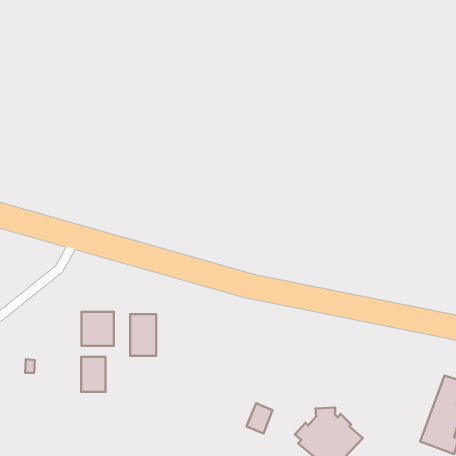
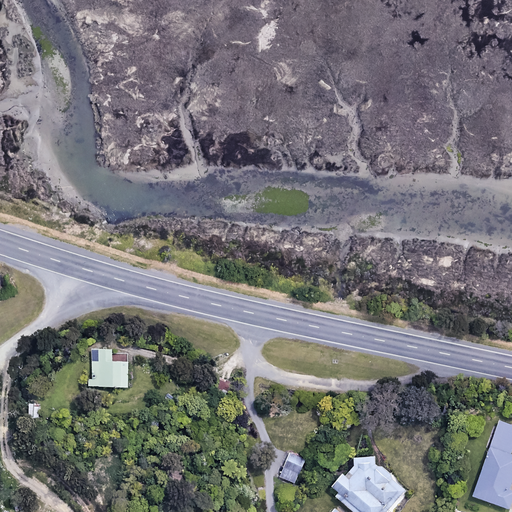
building: [130,314,156,356] -> none
building: [81,357,106,392] -> none

